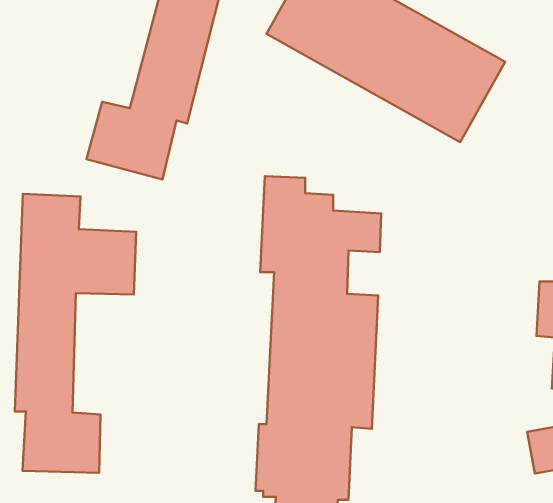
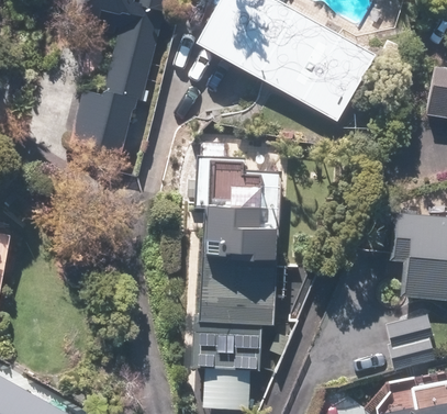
building: [15,194,136,473] -> none

